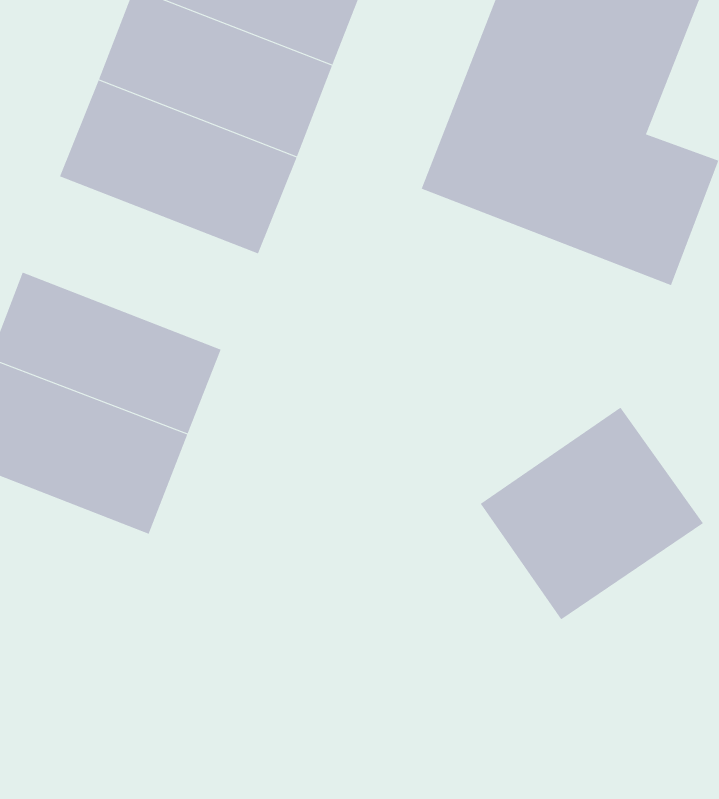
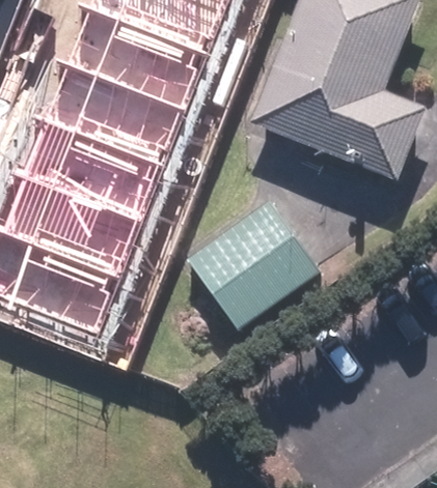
building: none -> [17,117,156,219]
building: [480,407,704,620] -> [189,203,321,328]

